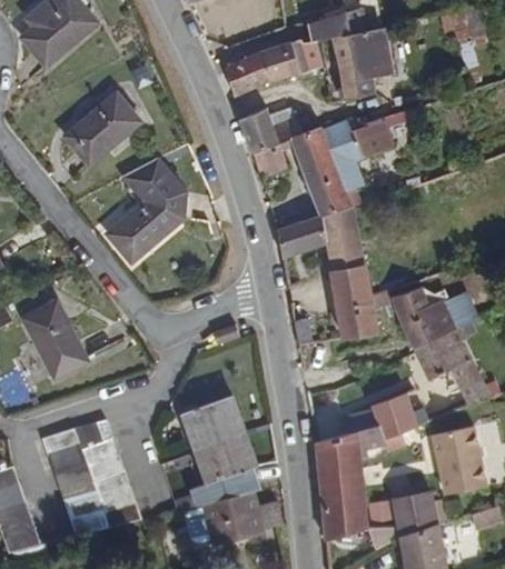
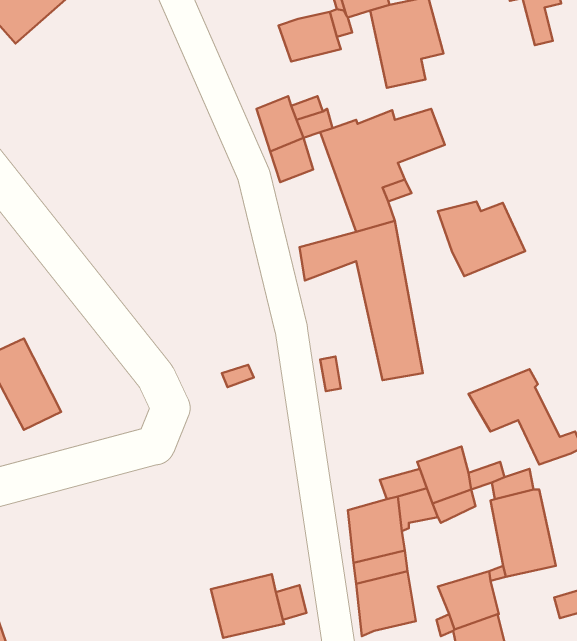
building: [226,51,269,97] -> none
building: [66,93,139,162] -> none
building: [107,158,184,259] -> none
building: [390,287,461,347] -> [438,201,525,276]
building: [181,398,260,505] -> none
building: [42,418,142,536] -> none

